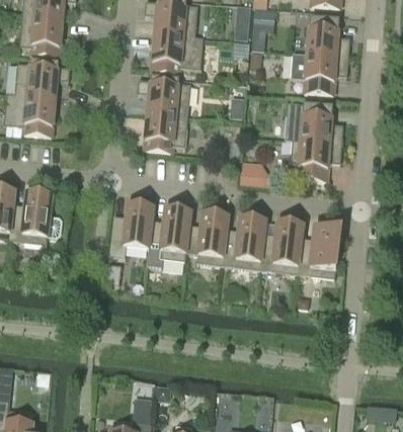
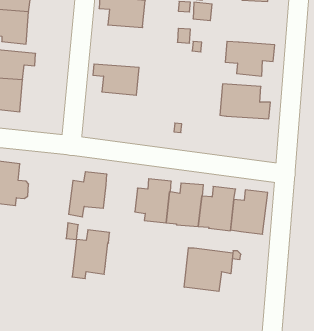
building: [307,15,349,56] -> none
building: [151,32,204,72] -> none
building: [144,110,187,150] -> none
building: [290,139,341,178] -> none
building: [239,159,269,182] -> none
building: [147,207,190,264] -> [72,230,110,279]
building: none -> [184,248,233,291]

